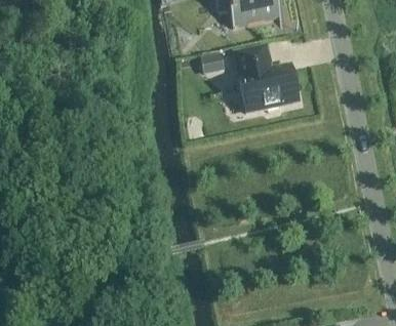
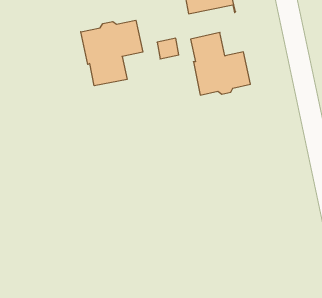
building: none -> [81,20,143,86]

